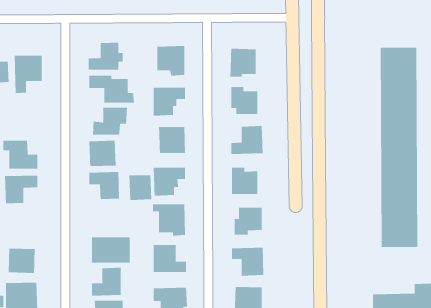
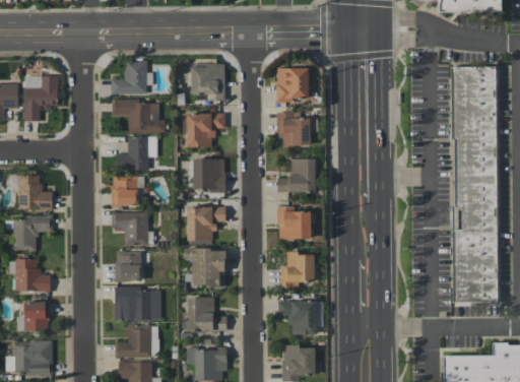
building: [129,175,152,201] -> [115,252,142,282]
building: none -> [15,259,51,292]

